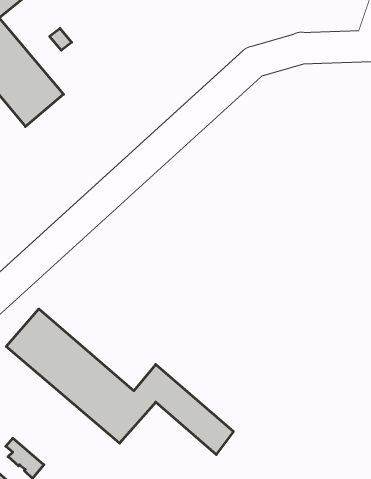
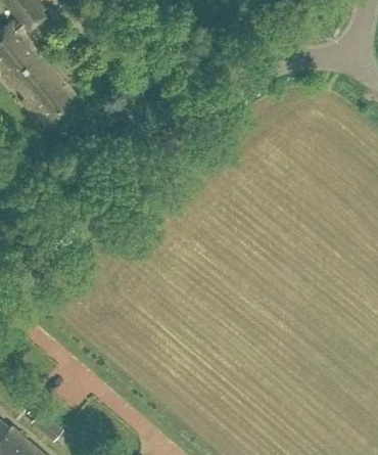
building: [6,309,233,455] -> none

